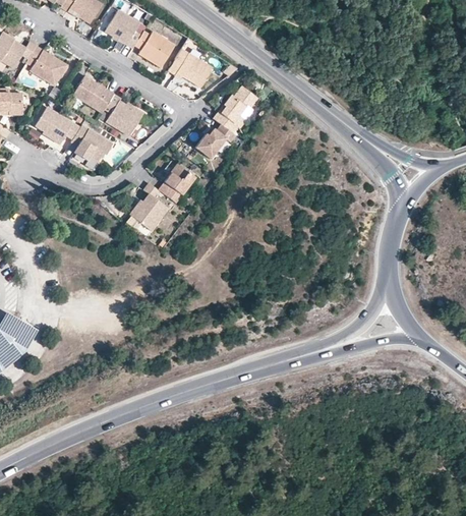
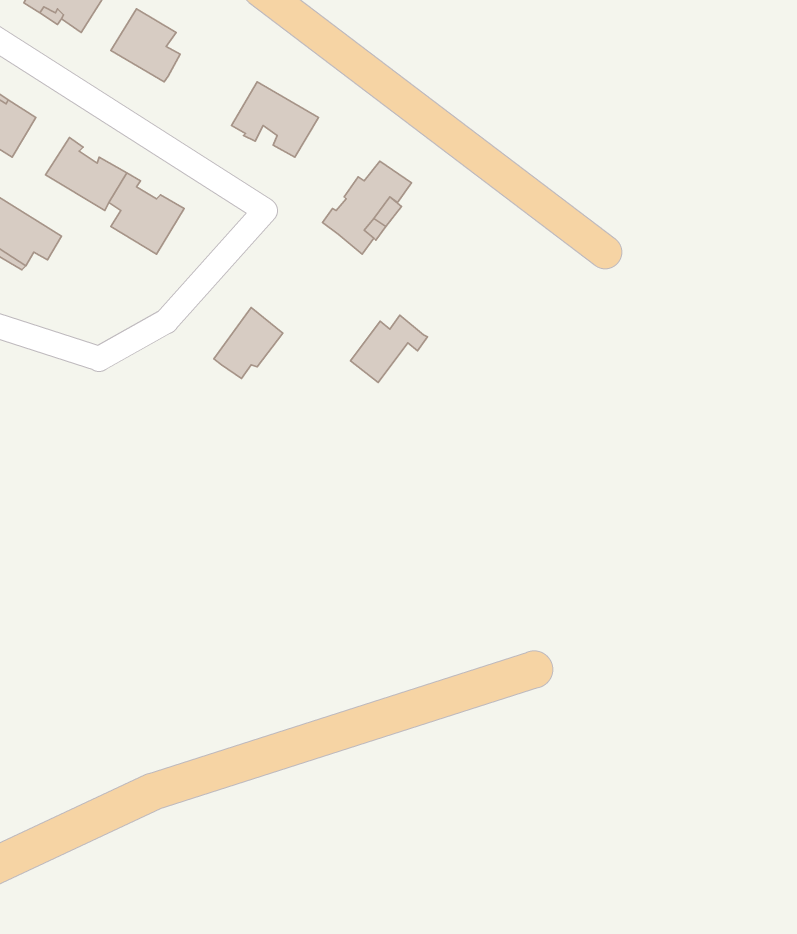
building: [135,30,175,67] -> none
building: [71,125,114,162] -> none
building: [197,126,237,161] -> [350,315,427,382]
building: [129,183,170,233] -> none

